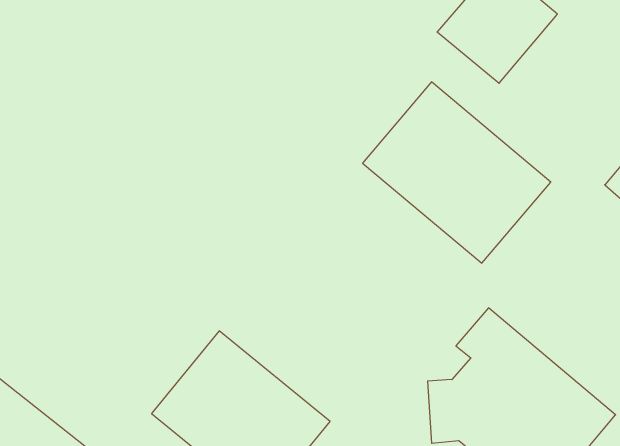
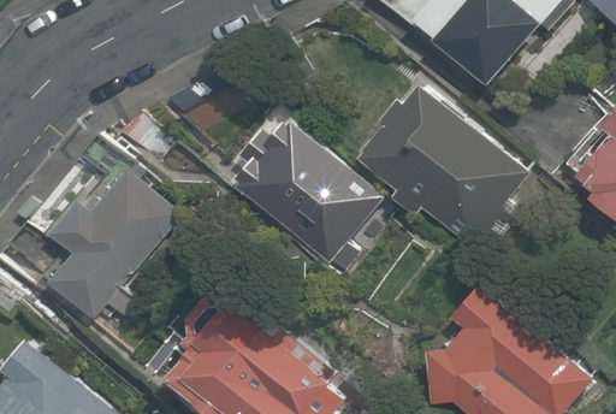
building: none -> [232,122,387,267]
building: none -> [55,171,184,317]

